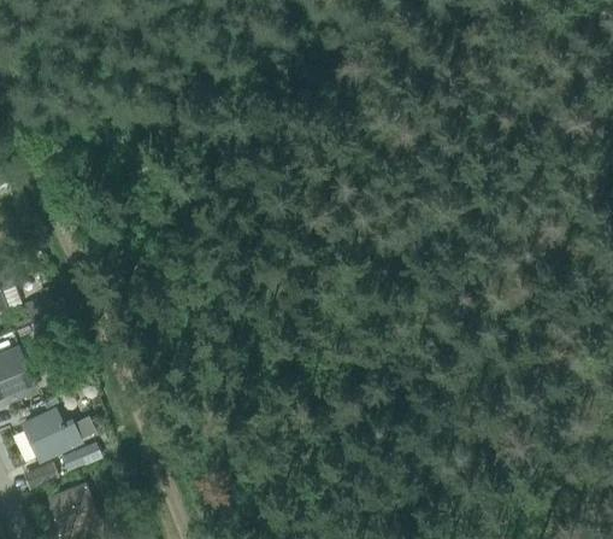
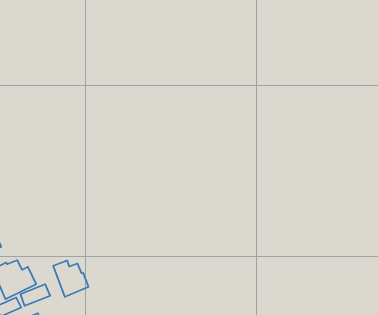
building: none -> [53,260,89,297]

